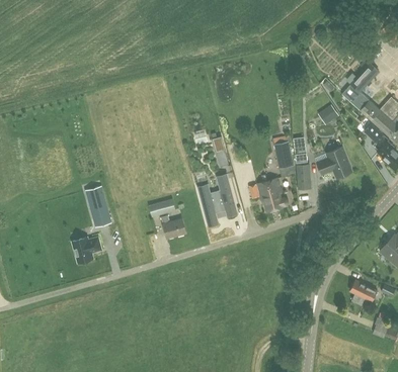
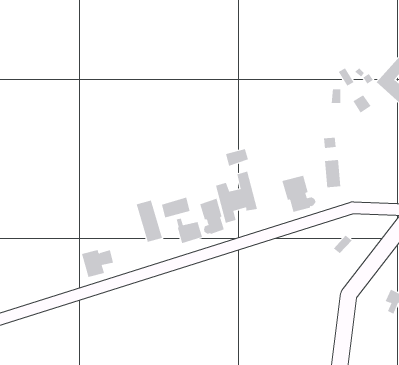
building: [273,136,296,177] -> none
building: [317,148,352,178] -> none
building: [87,187,111,225] -> [136,200,163,242]
building: none -> [199,198,224,235]

